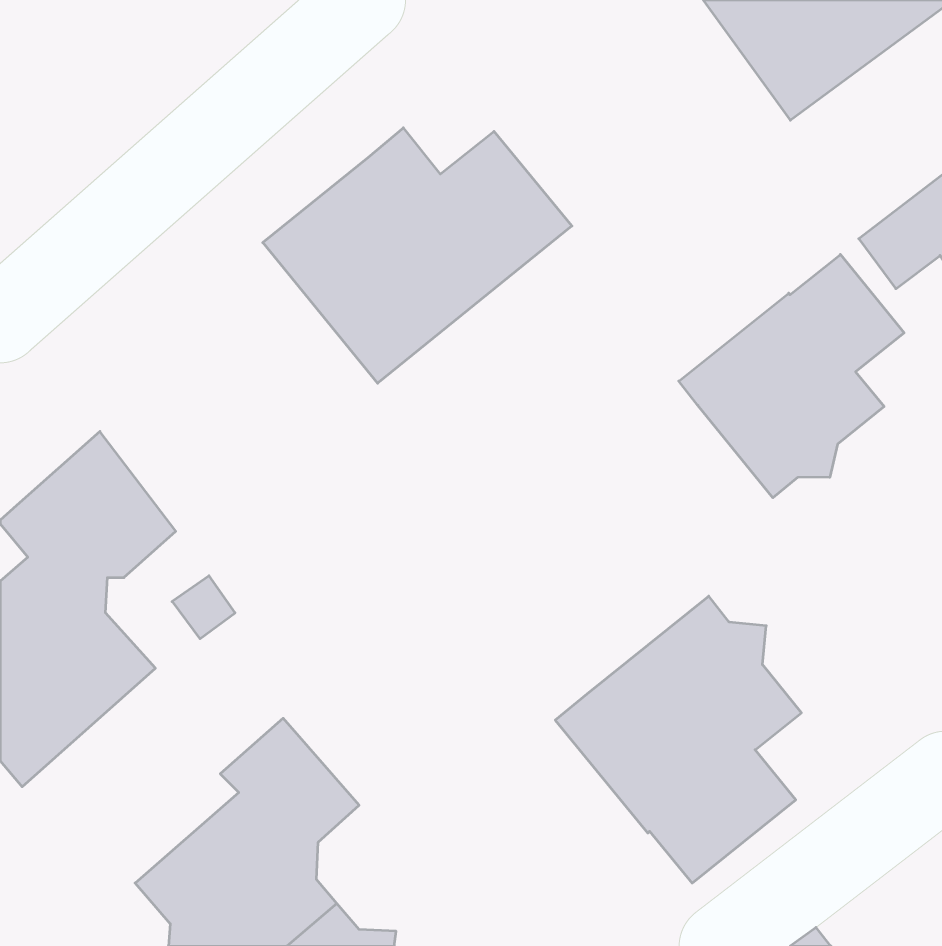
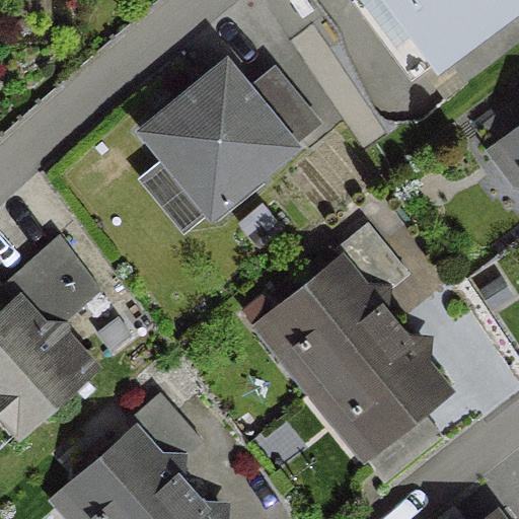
building: [679,254,904,498] -> none
building: none -> [280,224,403,380]

